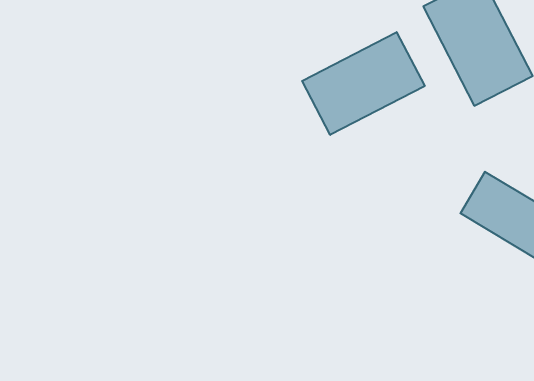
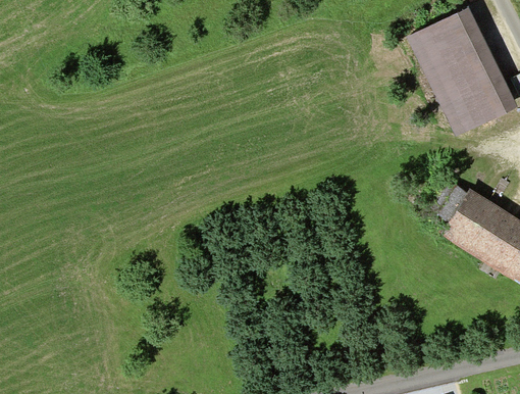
building: [302,32,425,135] -> none

